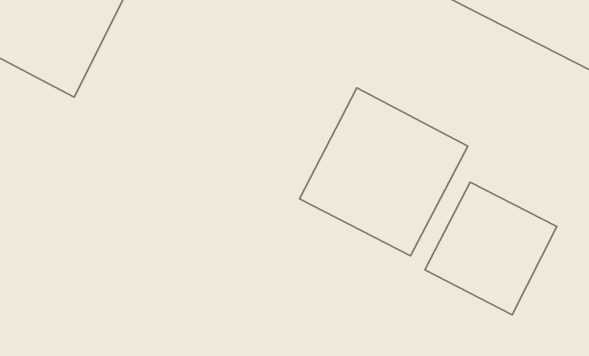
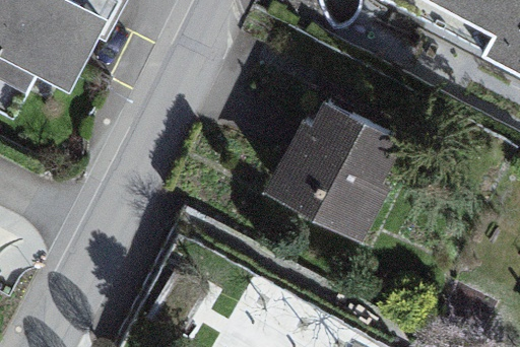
building: [425,182,557,315] -> none

